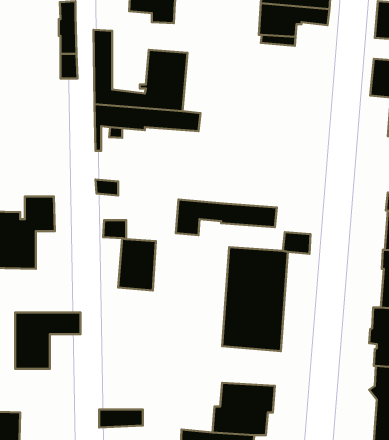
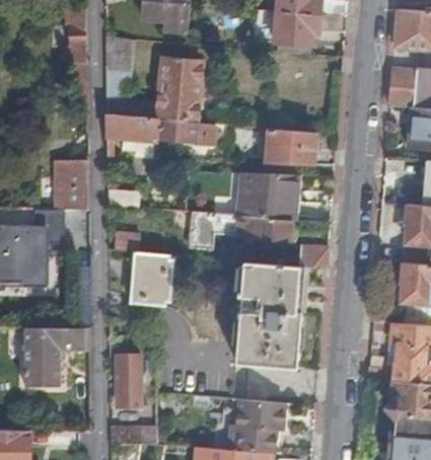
building: none -> [266,128,316,165]
building: none -> [58,159,89,209]
building: none -> [237,172,296,220]
building: none -> [117,350,141,405]

